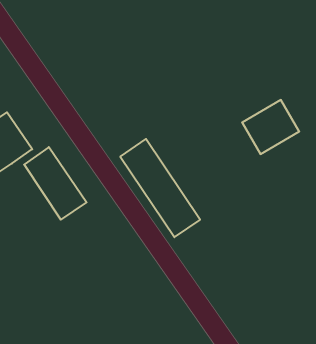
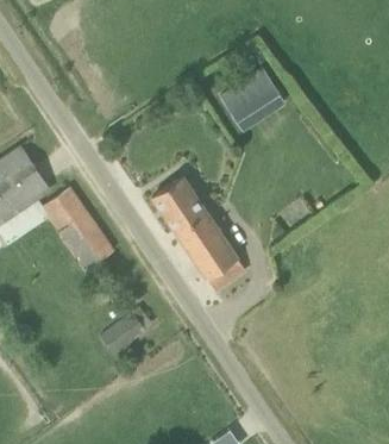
building: [242,100,299,154] -> [217,65,283,129]
building: none -> [99,314,144,356]

